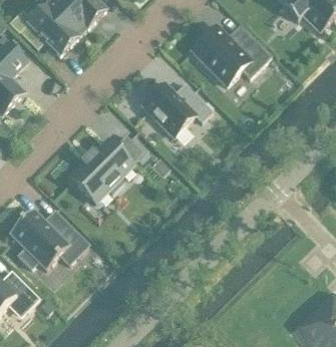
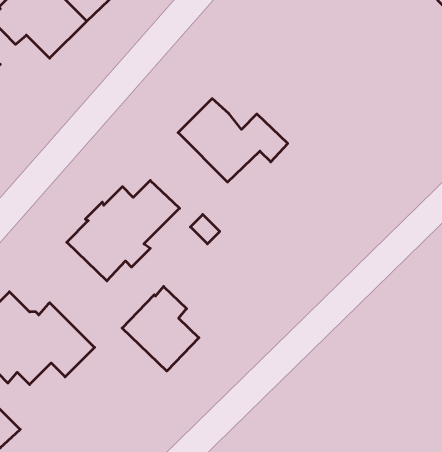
building: [191,24,270,84] -> none
building: none -> [122,286,199,371]

